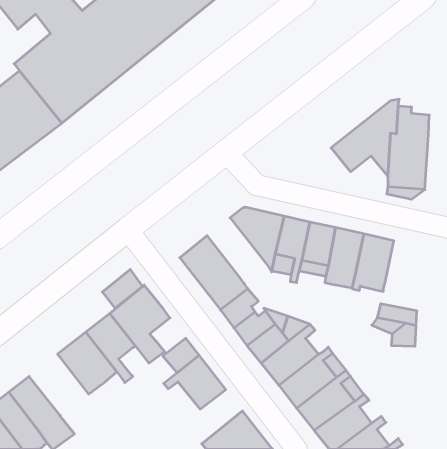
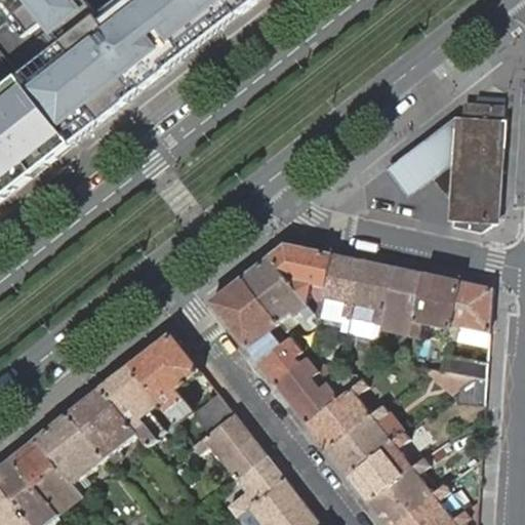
building: none -> [461,100,499,133]
building: none -> [240,252,312,320]
building: none -> [444,279,488,337]
building: [102,269,143,308] -> none
building: none -> [34,410,103,482]
building: none -> [225,451,281,514]

